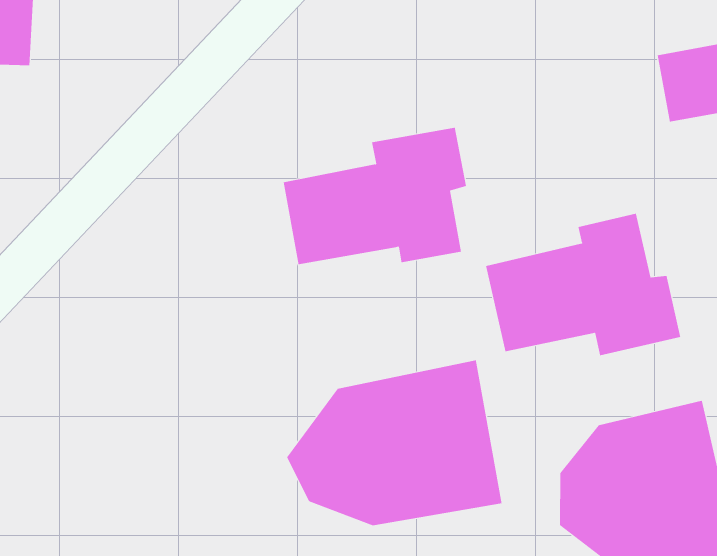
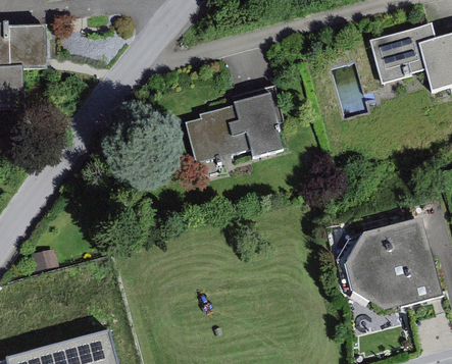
building: [486,213,681,356] -> none
building: [286,360,502,526] -> none

